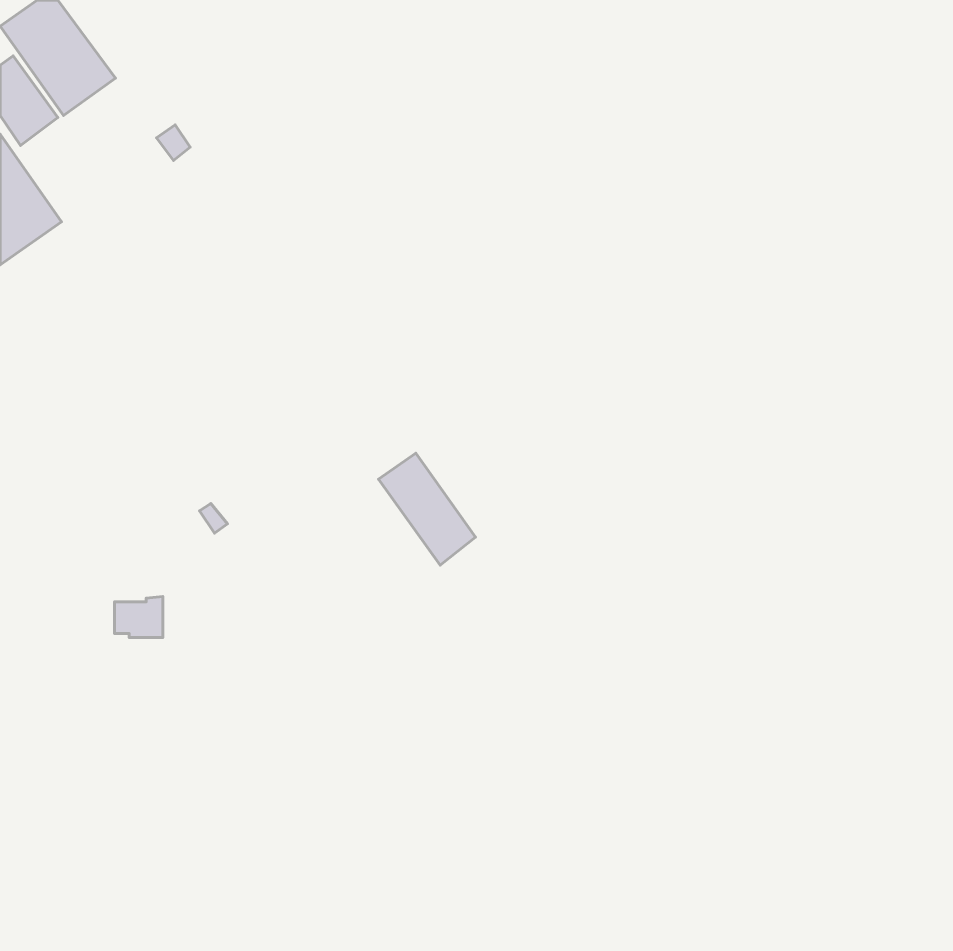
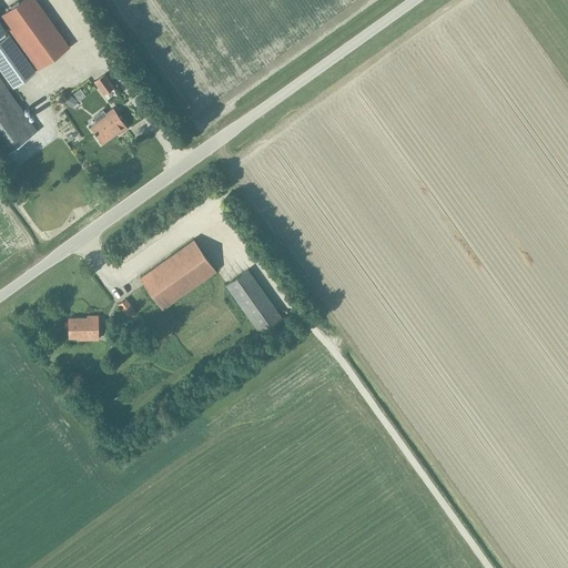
building: none -> [91,111,126,144]
building: none -> [140,241,215,310]
building: [114,596,163,637] -> [69,316,98,341]

